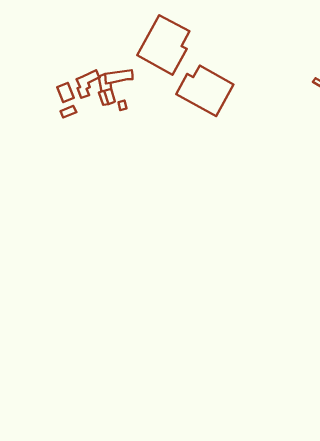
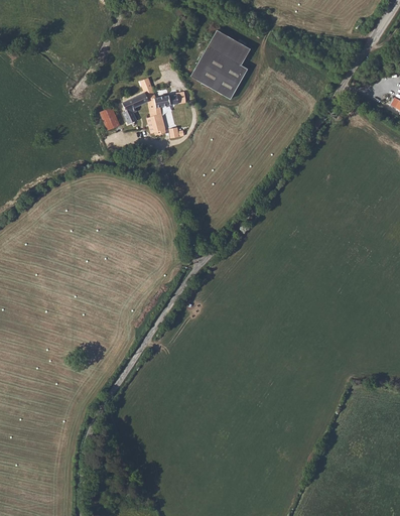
building: [176,65,233,116] -> none

